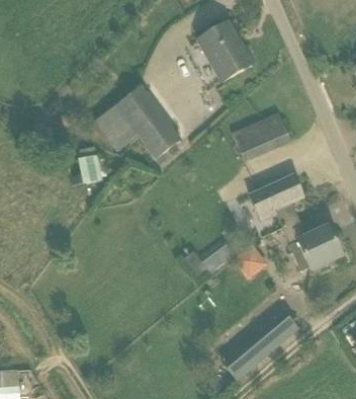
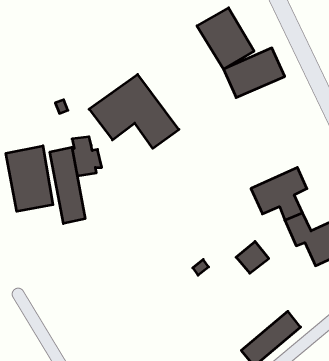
building: [233,111,291,159] -> [223,48,285,98]
building: none -> [6,146,53,211]
building: none -> [50,147,85,224]

